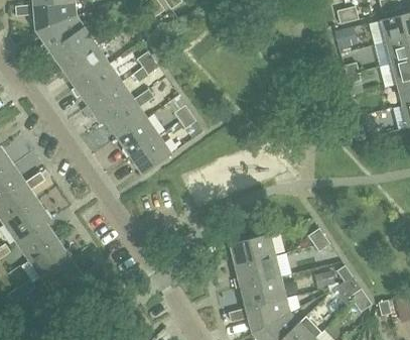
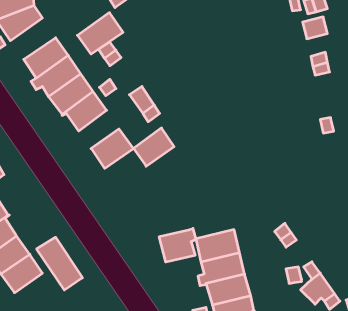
building: [50,27,95,68] -> [77,13,123,54]
building: [117,117,156,154] -> [134,128,174,166]
building: none -> [159,228,196,262]
building: none -> [37,237,82,290]

